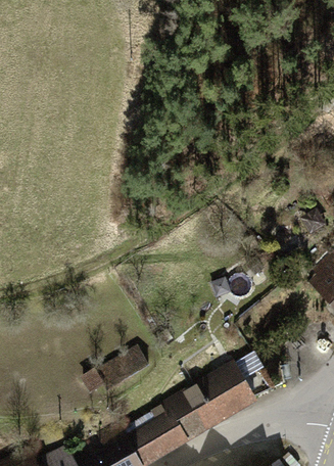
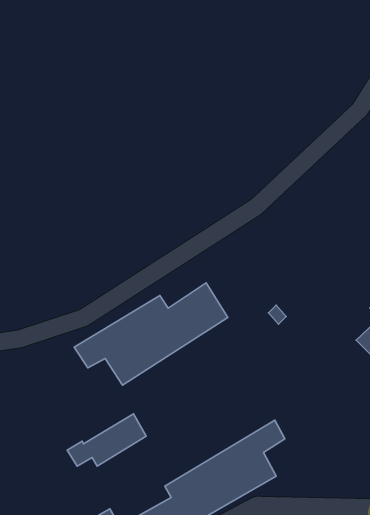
building: none -> [74,283,228,385]

